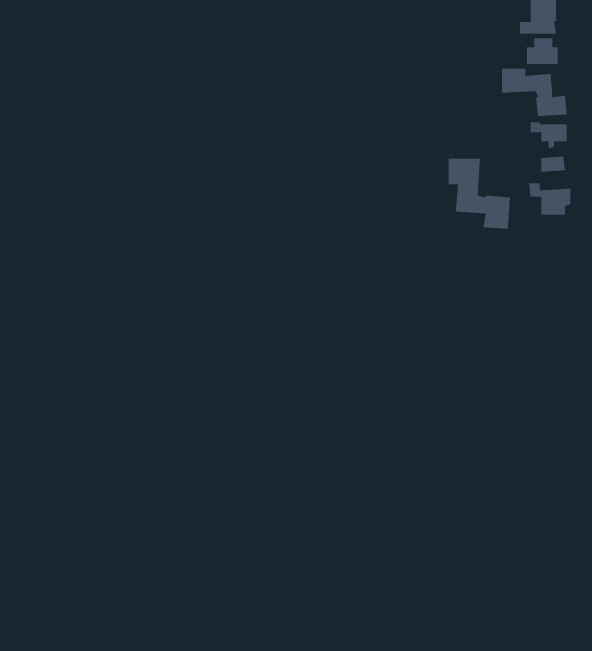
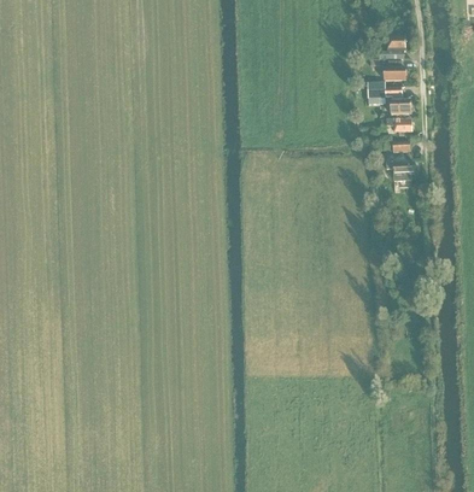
building: [448,158,510,230] -> none

